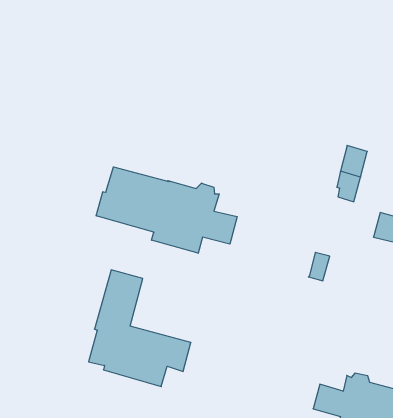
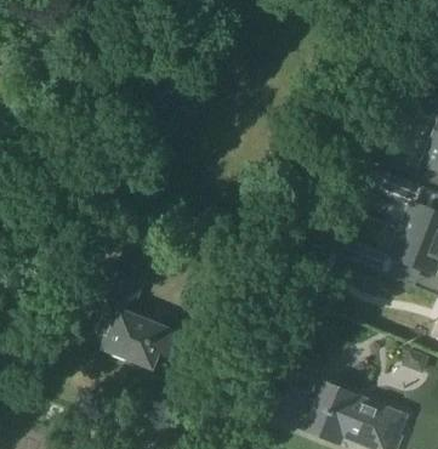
building: [96,167,237,253] -> none

